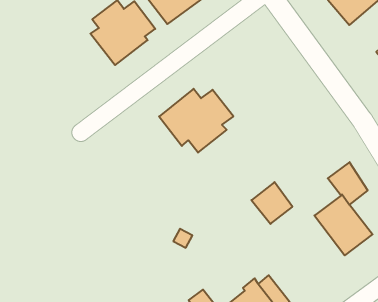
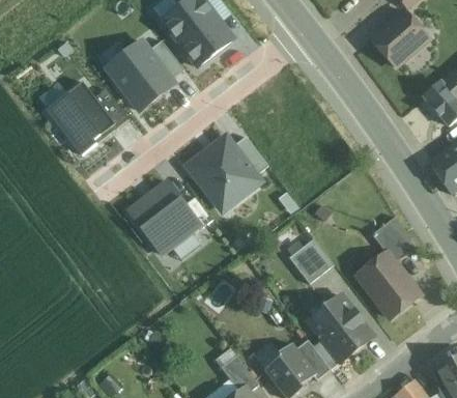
building: none -> [47,81,128,154]
building: none -> [128,180,212,253]
building: none -> [308,294,372,361]

